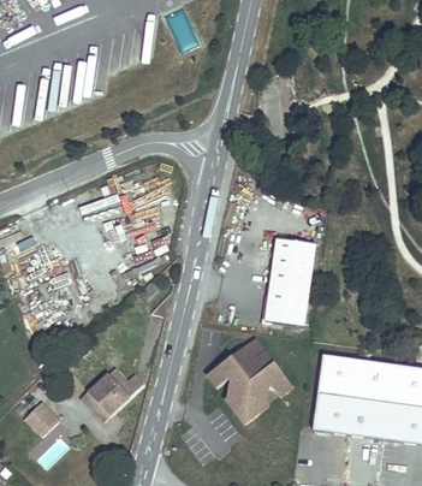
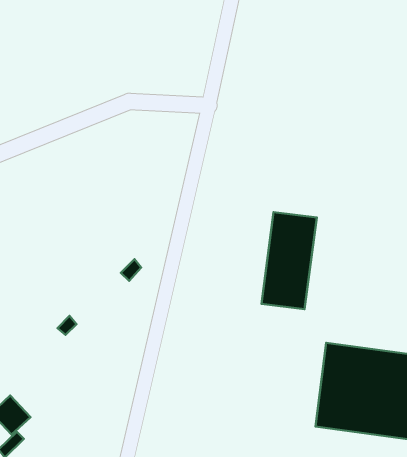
building: [203,334,287,420] -> none
building: [83,366,144,420] -> none

